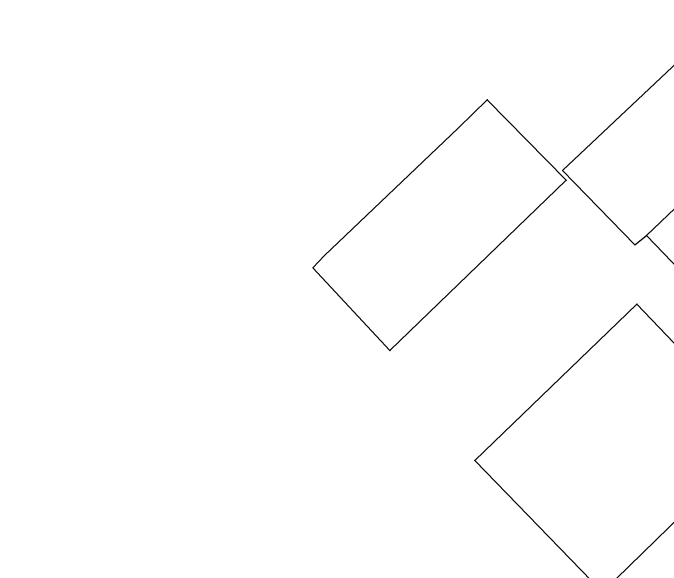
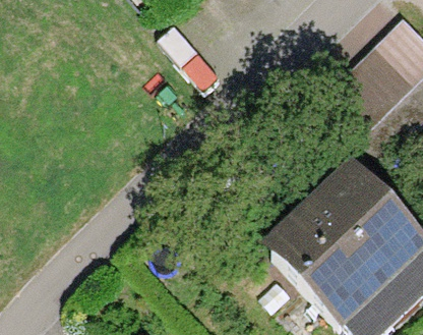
building: [313,100,566,351] -> none

